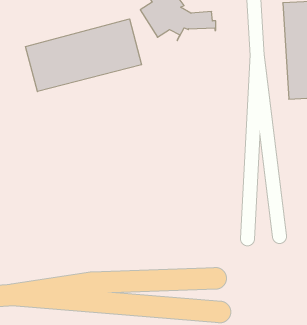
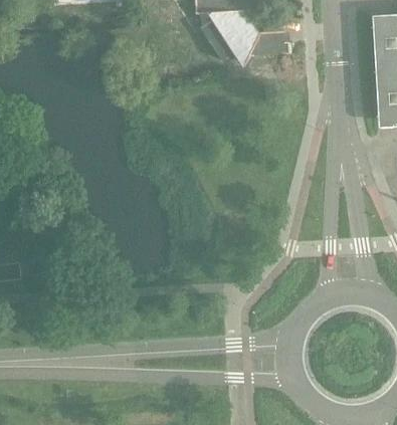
building: [25,19,142,92] -> none

